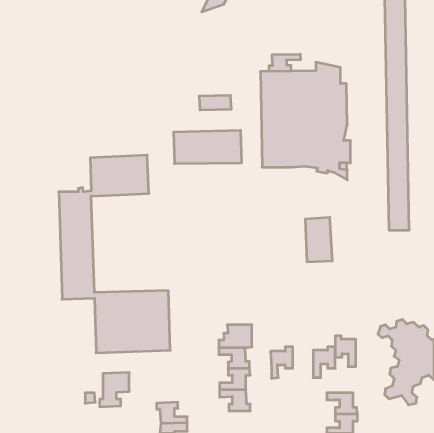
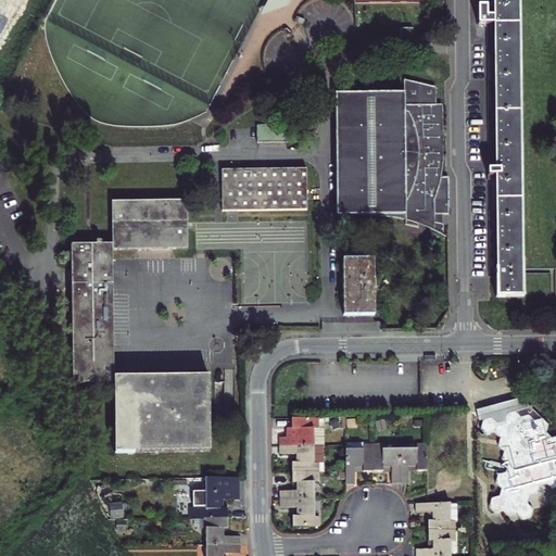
building: [269,54,300,71] -> none
building: [305,217,332,262] -> [343,254,378,311]
building: [335,336,356,367] -> [374,442,400,481]
building: [100,373,129,407] -> [200,470,238,514]

